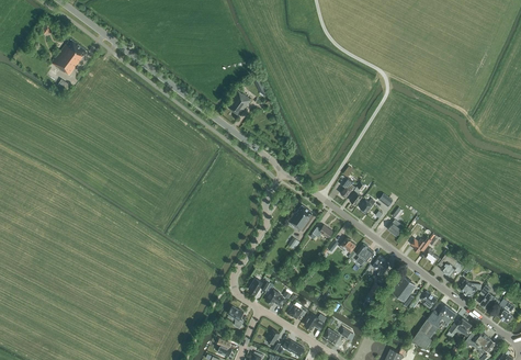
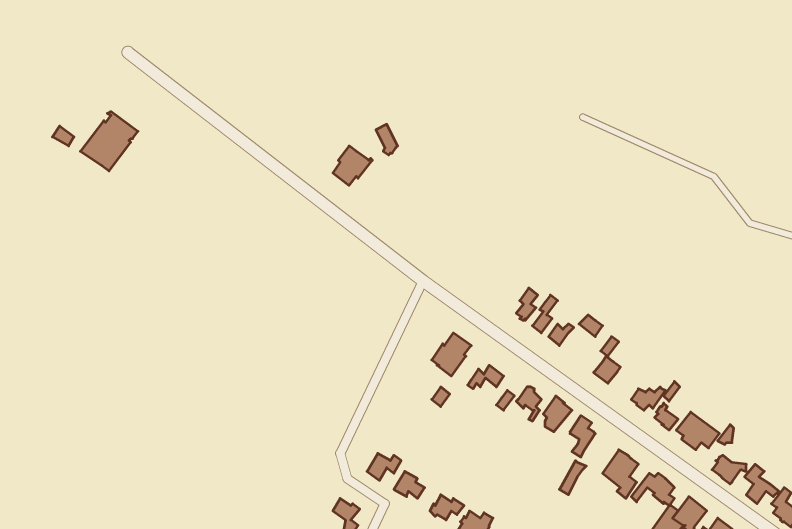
building: [52,40,87,76] -> [80,112,138,171]

